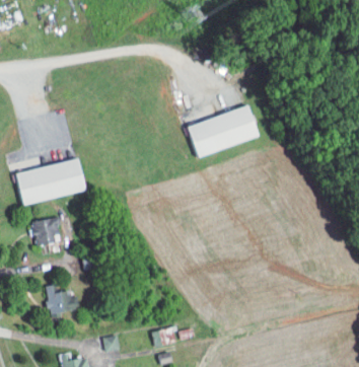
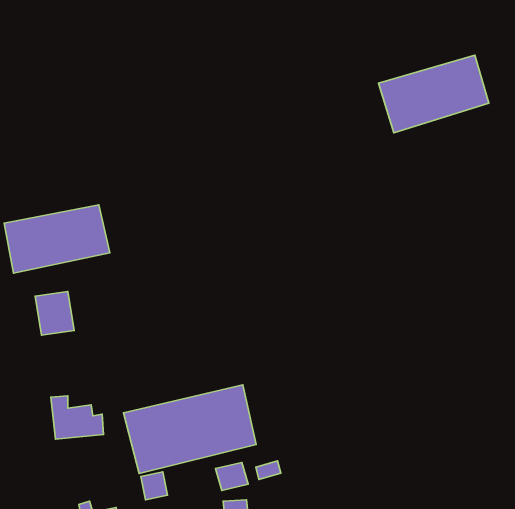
building: [188,106,260,157] -> [378,55,489,133]
building: none -> [124,385,256,473]

